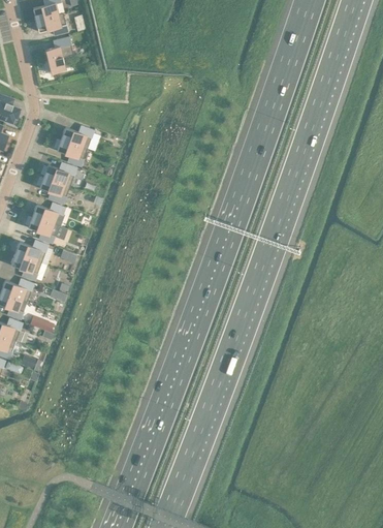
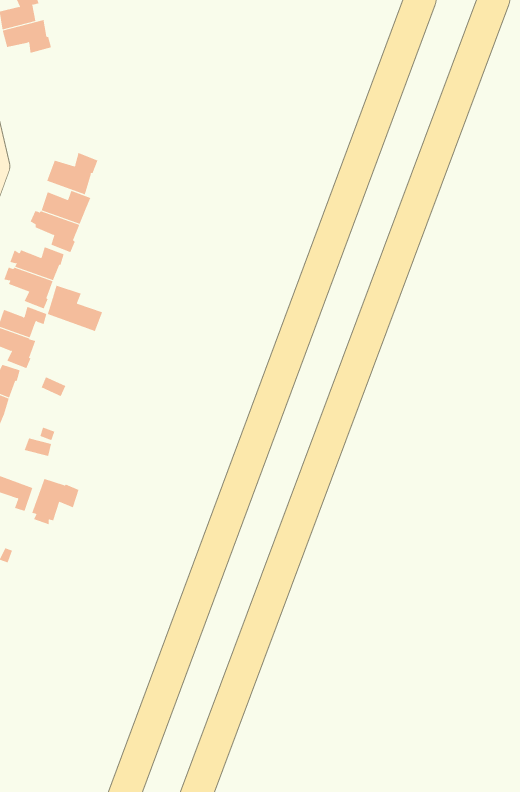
building: [42,37,71,73] -> none
building: none -> [46,152,98,195]
building: none -> [47,285,103,332]
building: none -> [31,478,79,525]

